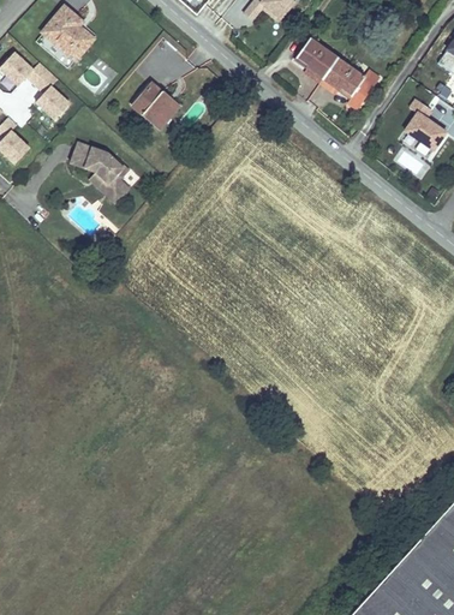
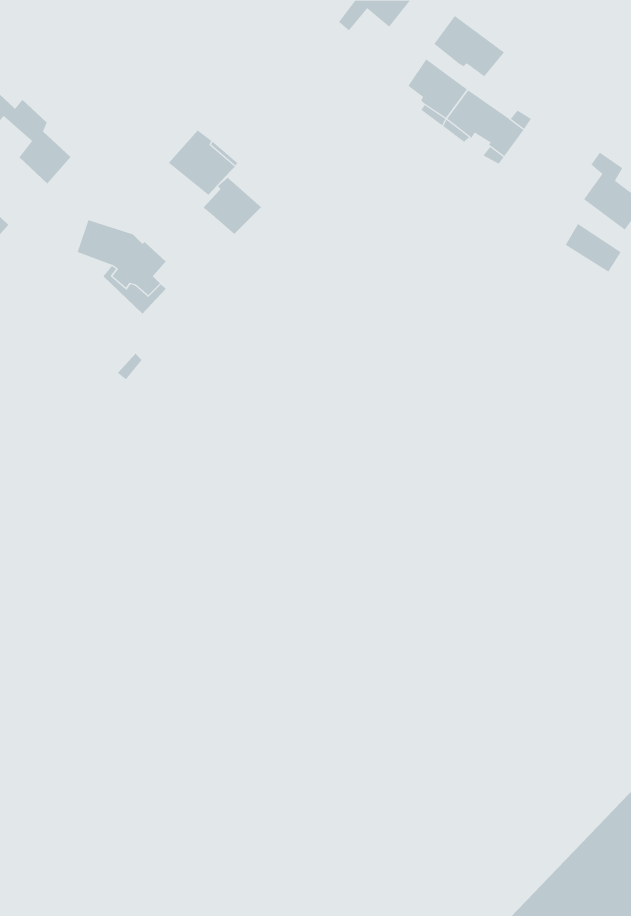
building: [44,8,92,59] -> none
building: none -> [434,15,505,77]
building: none -> [203,177,262,235]

